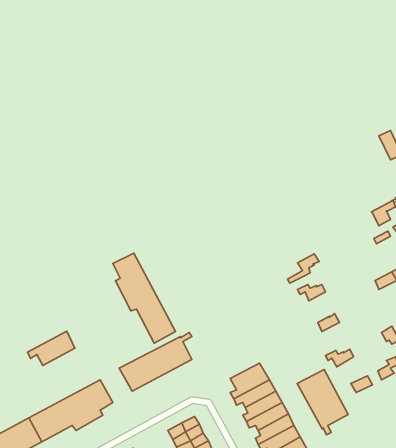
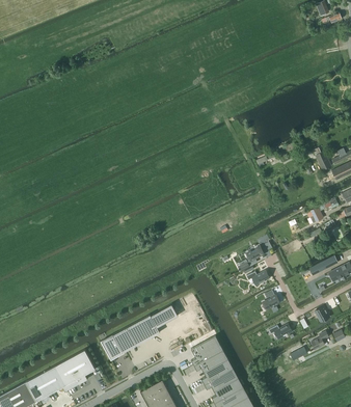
building: [113,253,176,343] -> none
building: [28,331,75,366] -> none
building: [297,369,348,435] -> none

